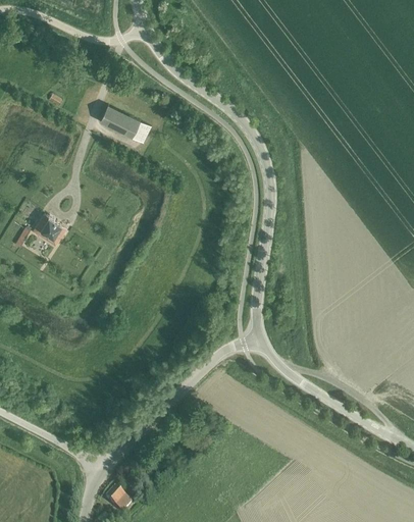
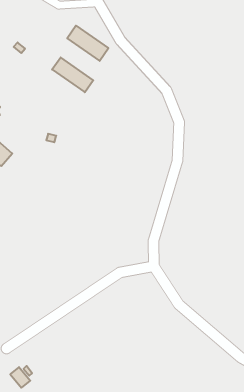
building: none -> [67,26,108,61]

